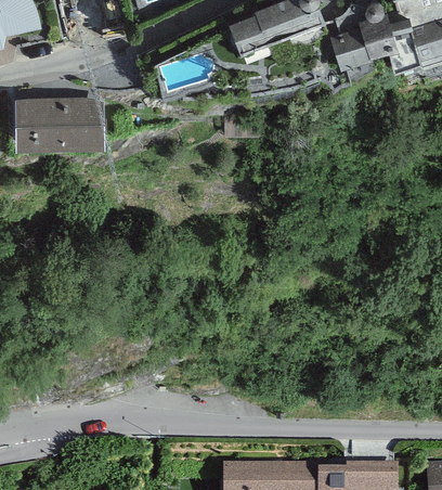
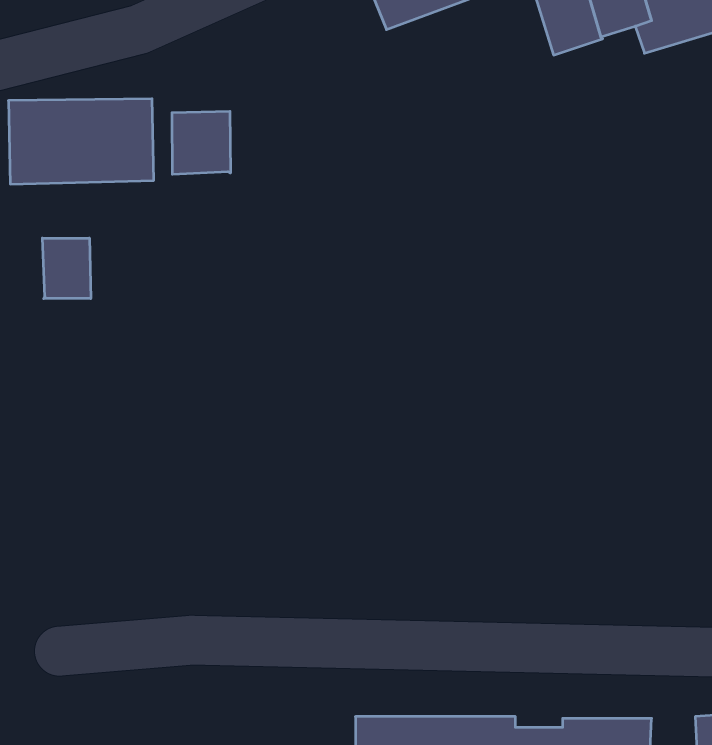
building: none -> [172,111,230,174]
building: none -> [42,238,91,299]

